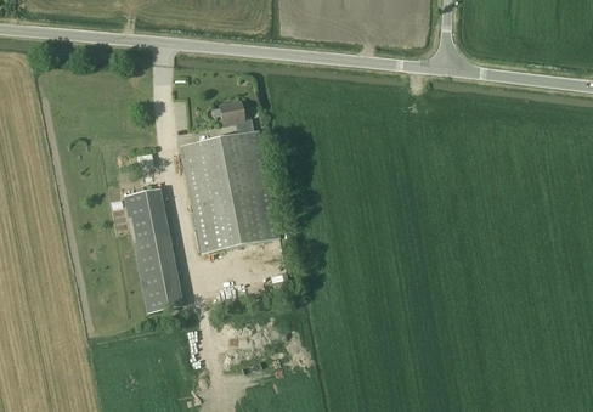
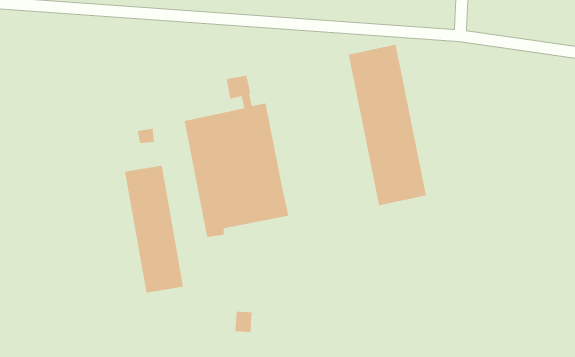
building: none -> [348,44,427,206]

